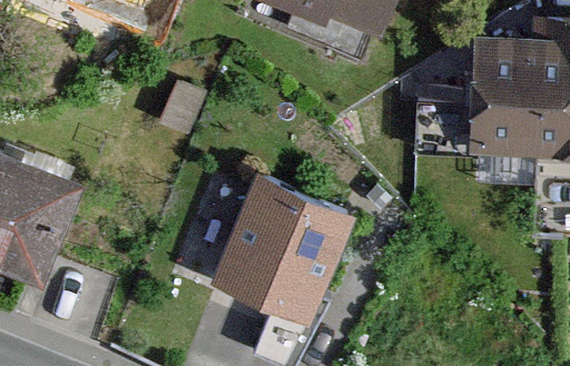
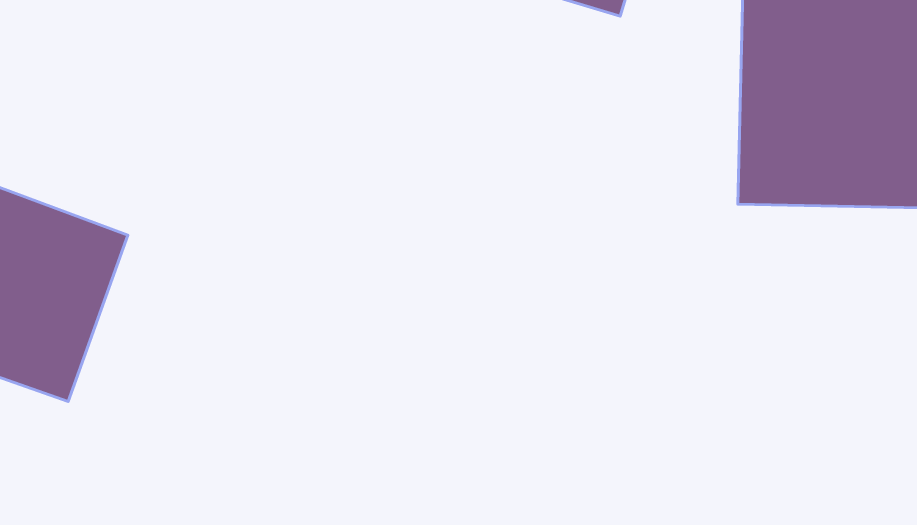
building: [210,174,353,323] -> none

